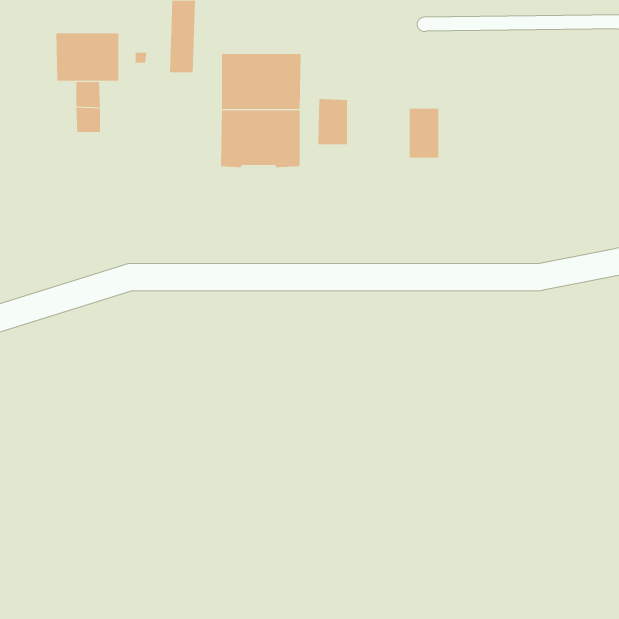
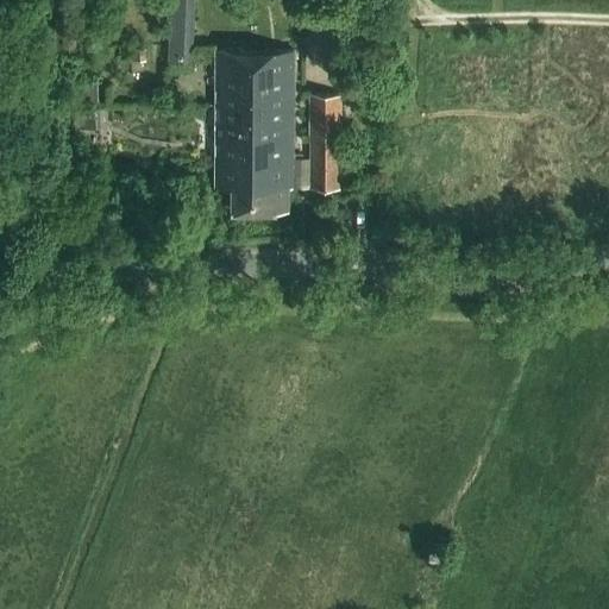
building: [56,32,119,81] -> none
building: [409,108,439,158] -> [310,144,340,193]
building: none -> [215,164,294,215]

